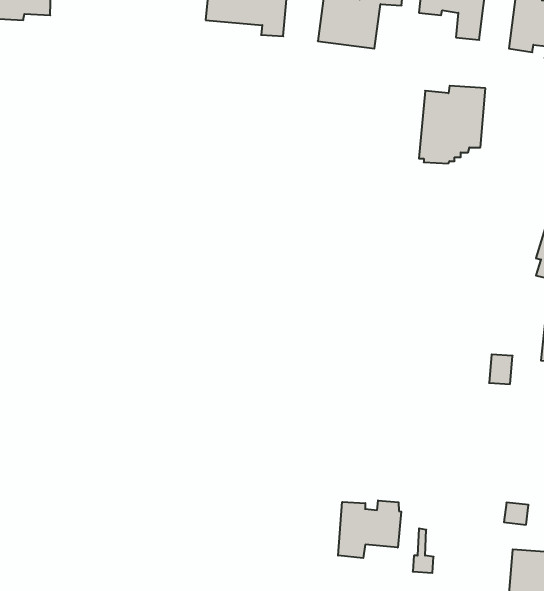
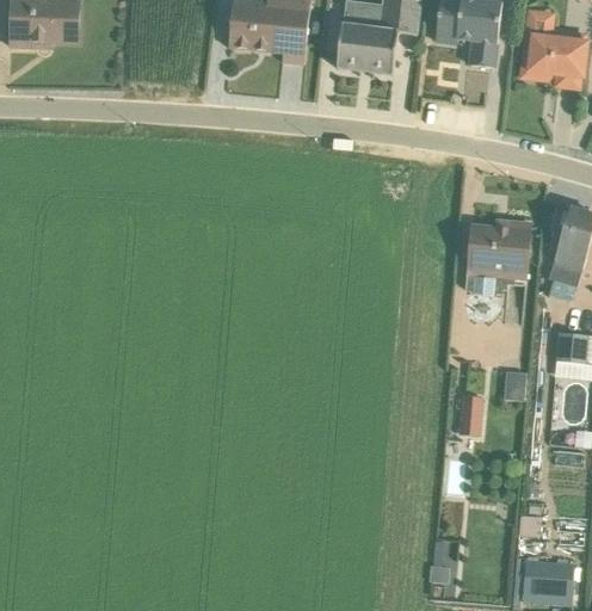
building: [419,86,485,163] -> [465,220,530,295]
building: none -> [458,394,482,434]
building: [338,500,401,558] -> none

